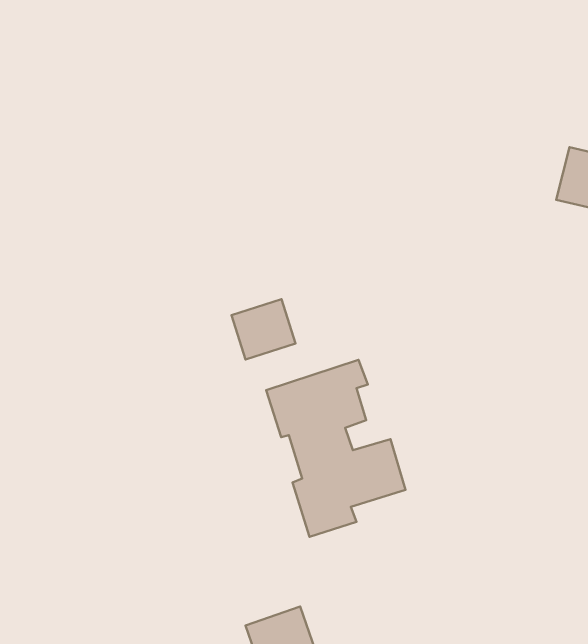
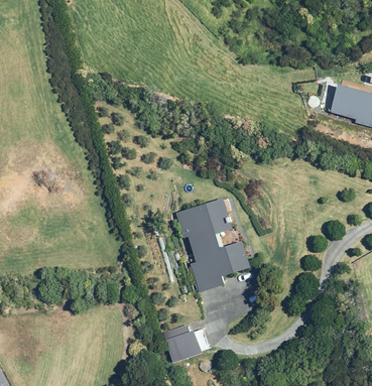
building: [232,299,296,359] -> none

